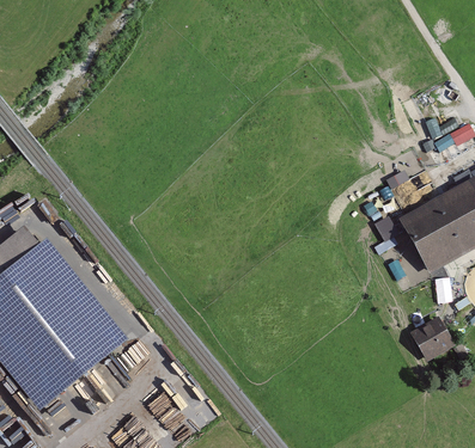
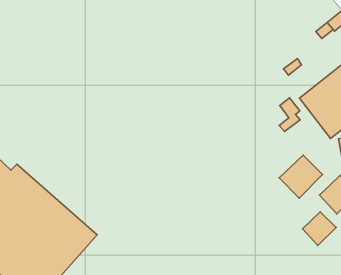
building: none -> [279,155,322,198]
building: none -> [303,212,336,245]

